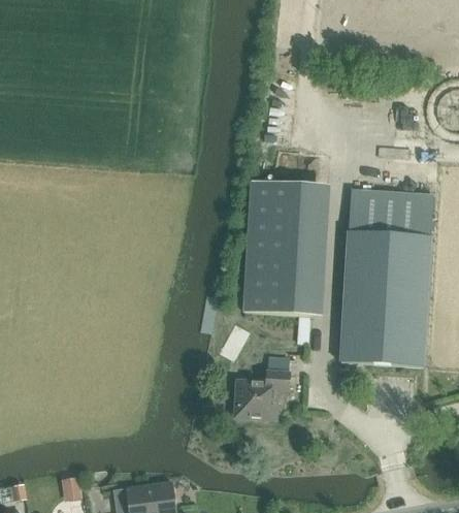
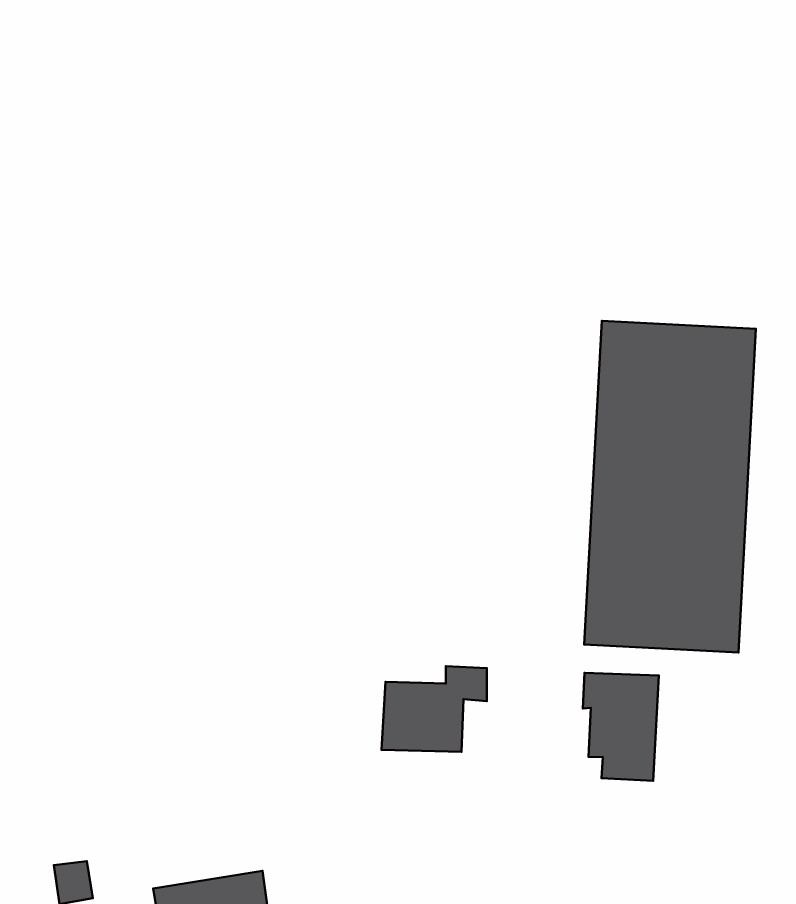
building: [243,179,329,315] -> none
building: none -> [583,673,659,781]

